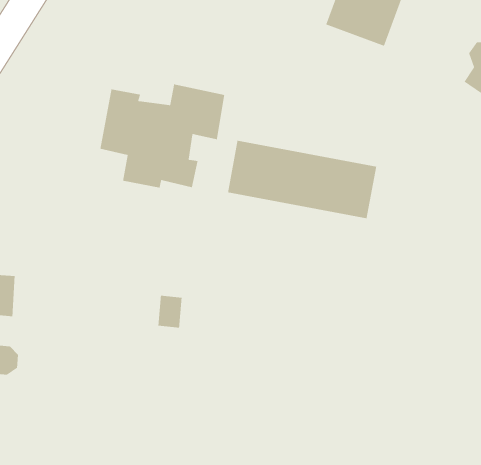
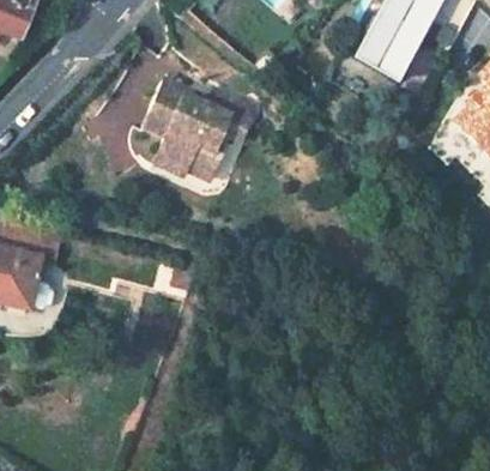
building: [227,140,377,219] -> none

